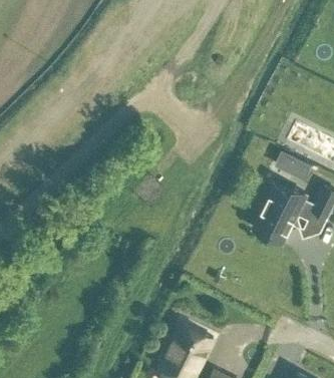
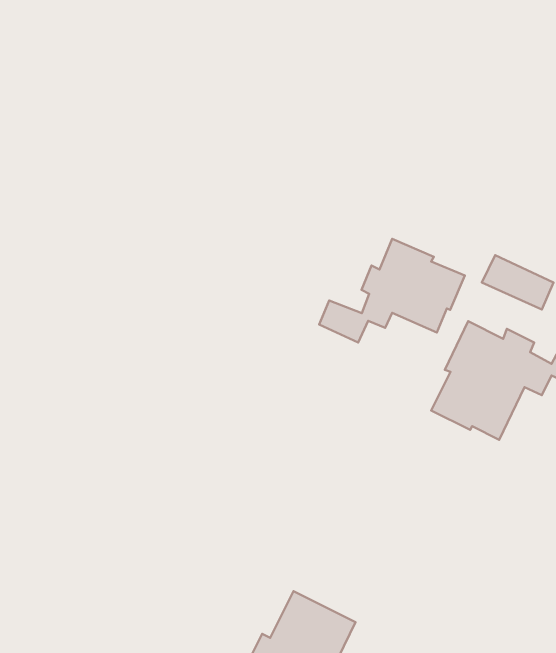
building: none -> [319,239,465,342]

